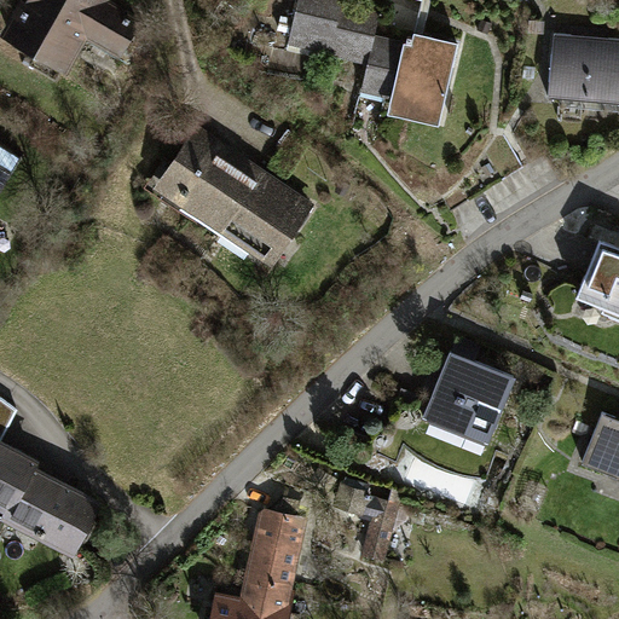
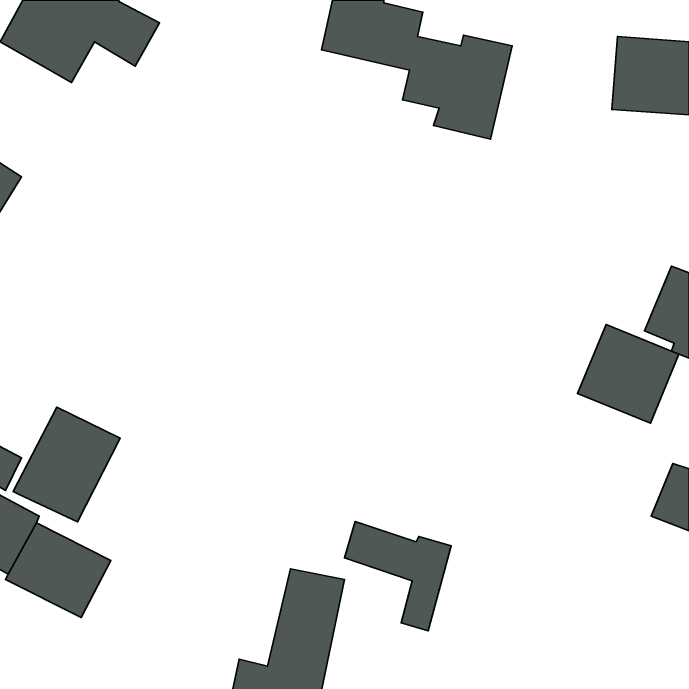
building: [151,123,317,272] -> none
building: [422,355,513,444] -> [578,325,679,423]
building: none -> [13,407,120,522]

